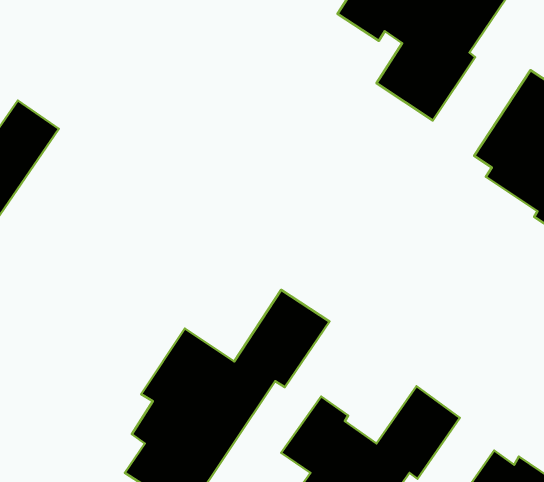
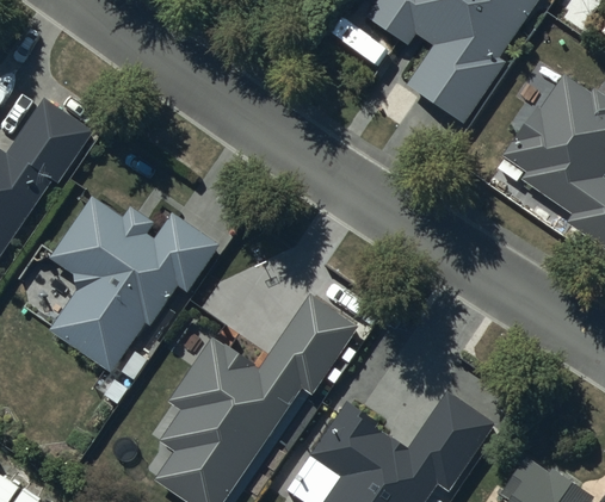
building: none -> [50,199,216,374]

